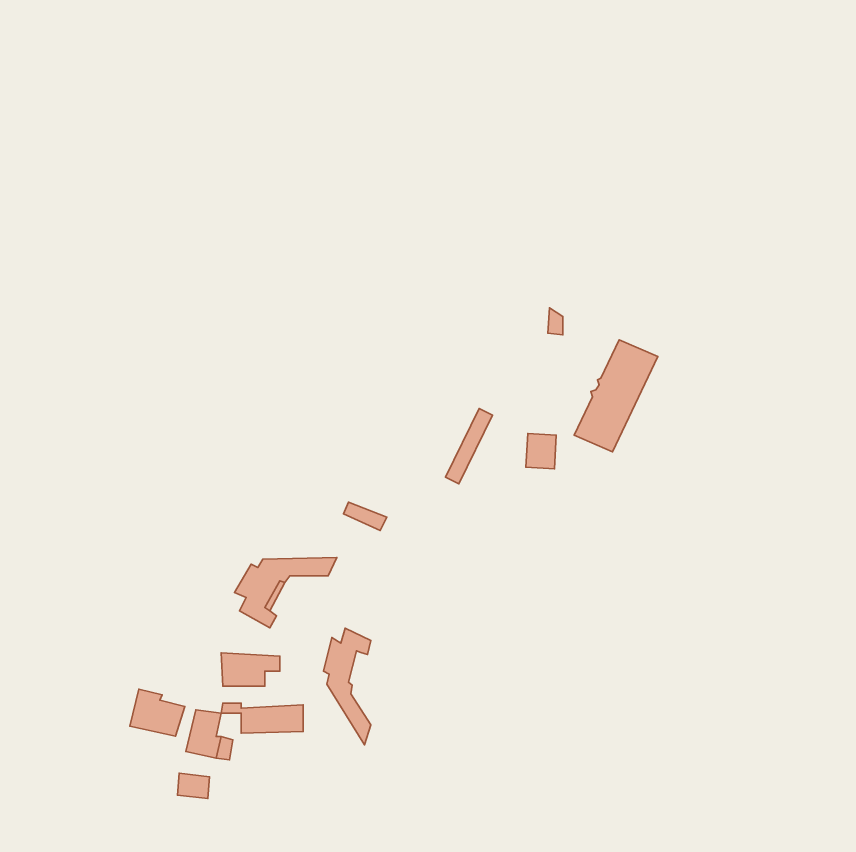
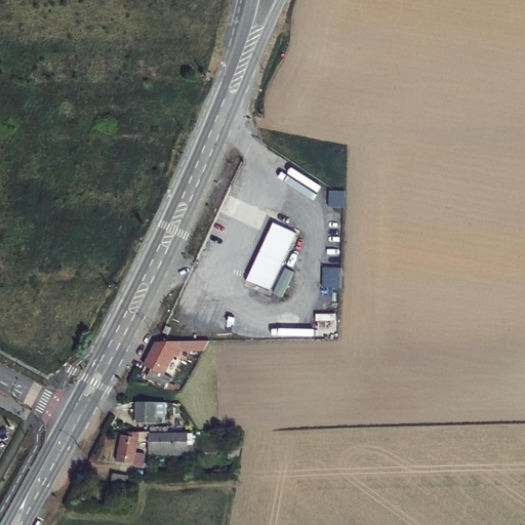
building: [574,340,658,452] -> [246,221,297,290]
building: [324,628,371,745] -> none
building: [130,689,185,736] -> none

